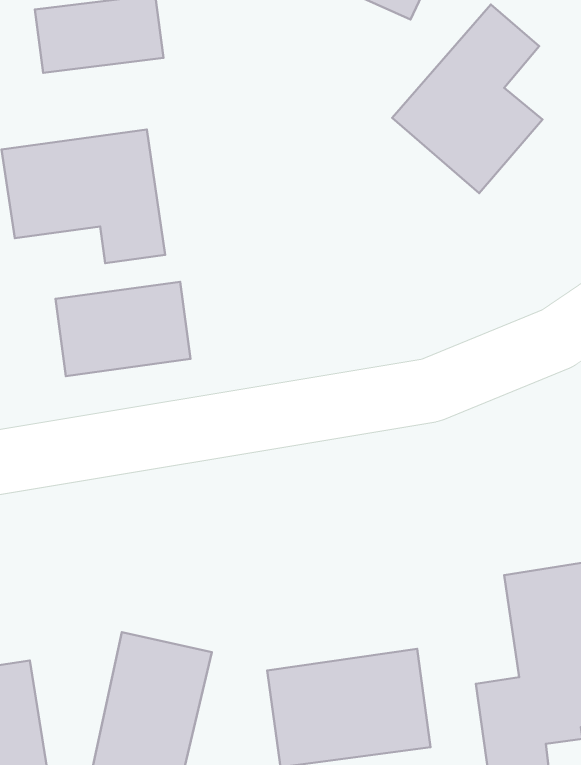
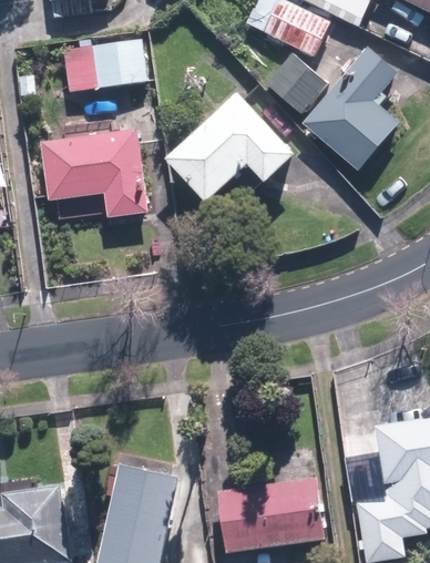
building: none -> [263,52,322,111]
building: none -> [166,95,295,205]
building: [56,282,190,376] -> none

